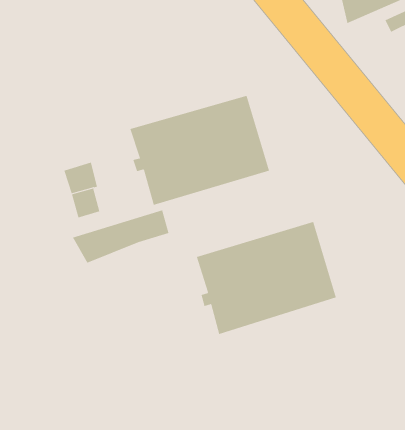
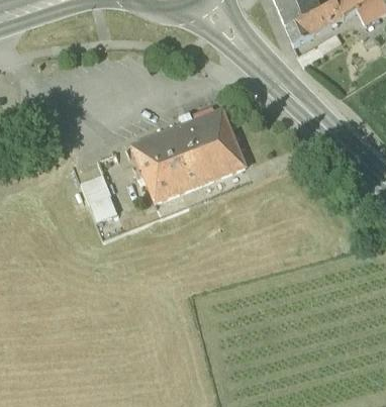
building: [72,210,169,264] -> none
building: [196,221,336,335] -> none

